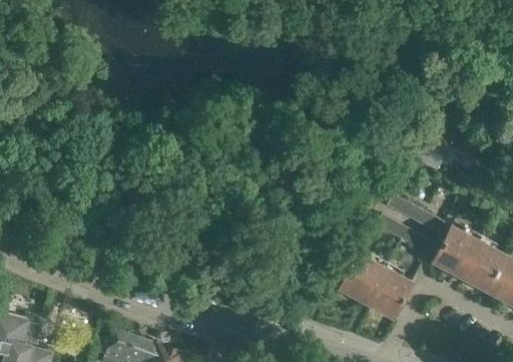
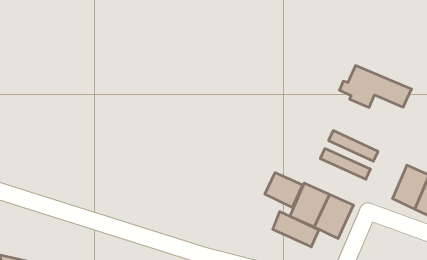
building: [434,227,477,277] -> none
building: none -> [265,173,303,207]
building: none -> [273,212,319,247]

